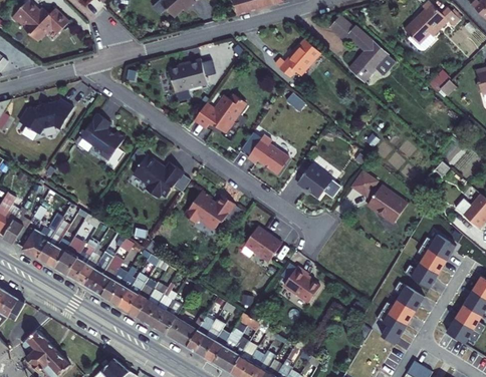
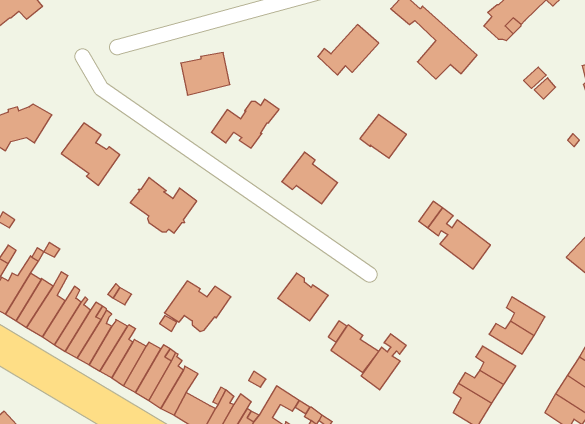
building: [297,165,332,199] -> [360,114,406,158]
building: [184,192,234,230] -> [164,281,231,331]
building: [421,235,455,260] -> none
building: none -> [361,334,406,390]

